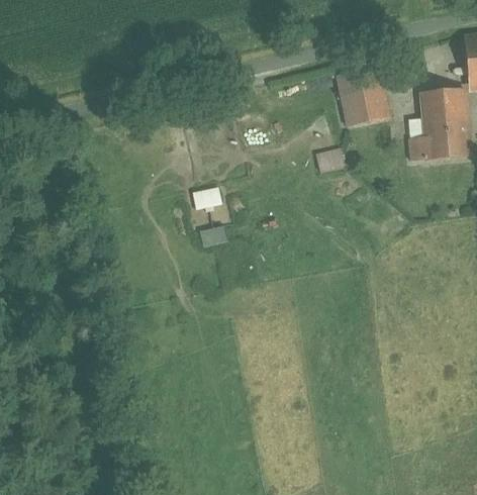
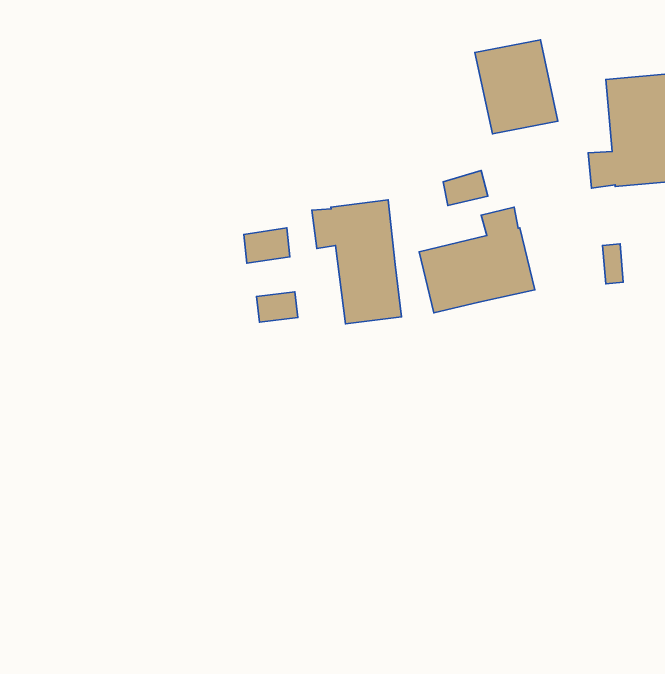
building: none -> [312,200,401,324]
building: none -> [419,207,535,313]

